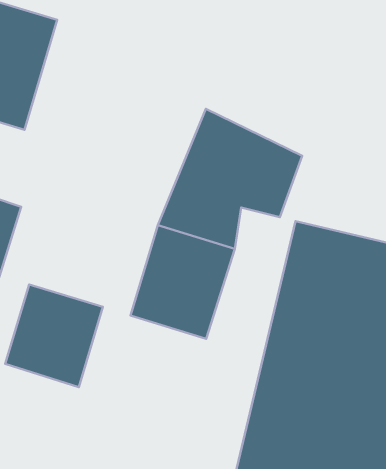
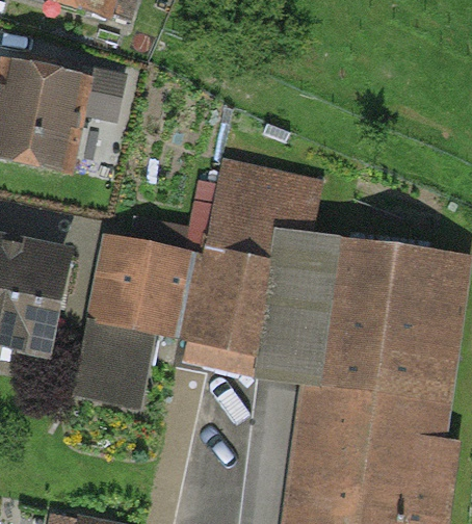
building: none -> [86,234,199,338]
building: none -> [252,229,324,385]

